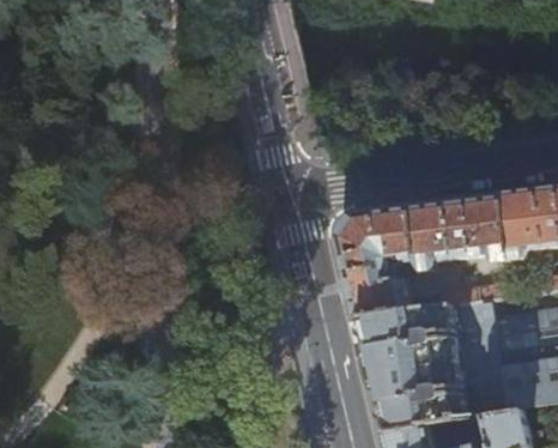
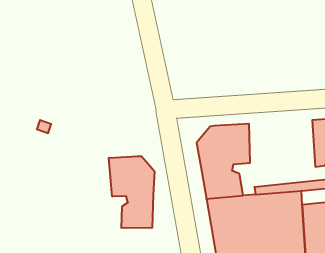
building: [416,194,515,272] -> none
building: none -> [109,156,154,228]

